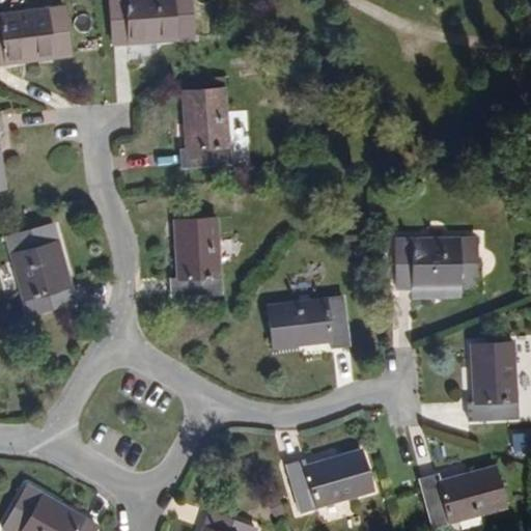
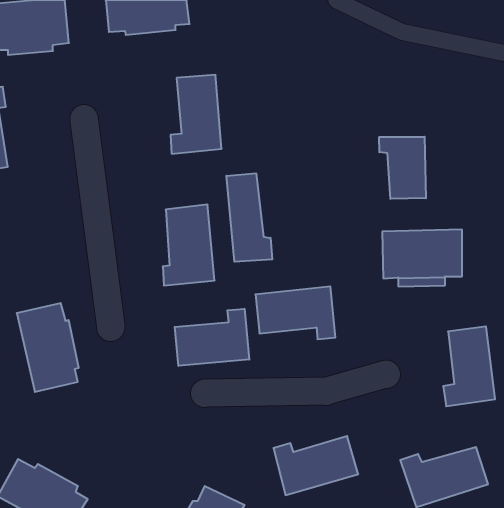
building: none -> [379,137,426,199]
building: none -> [226,173,272,262]
building: [13,216,78,308] -> [17,303,79,392]
building: none -> [175,309,249,366]

